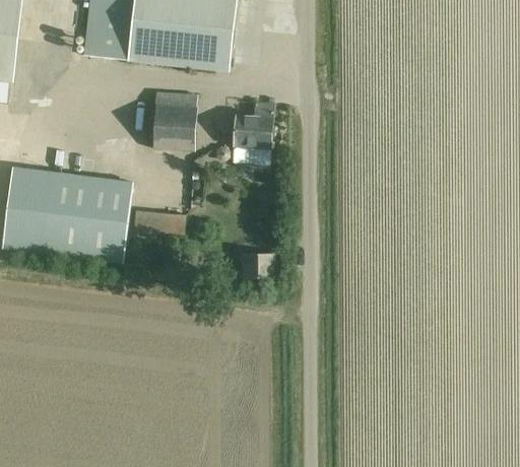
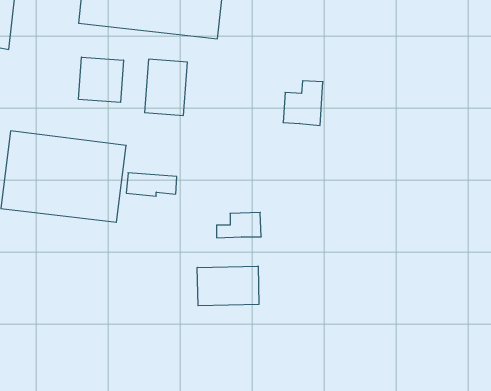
building: none -> [79,57,123,102]
building: [232,102,273,148] -> [283,81,323,125]
building: none -> [197,266,259,306]

